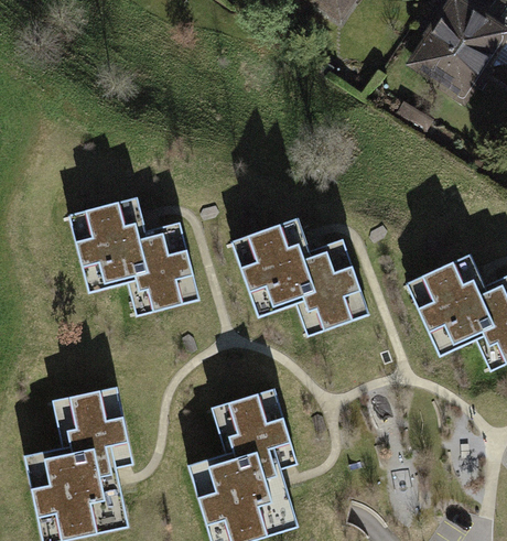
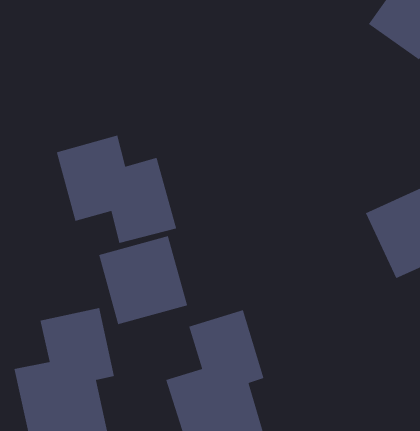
building: [233,217,373,337] -> none
building: none -> [98,235,188,325]

